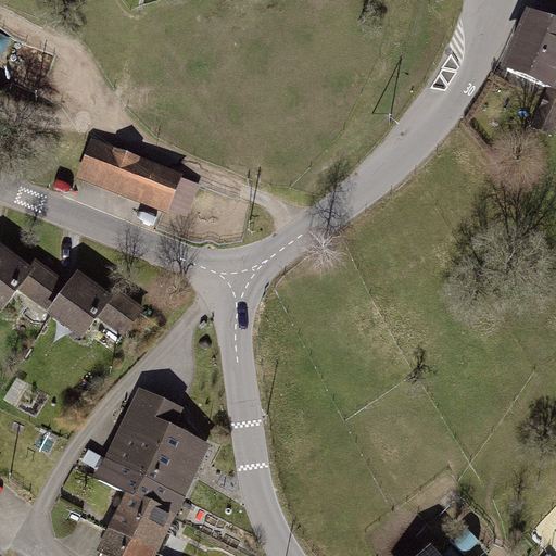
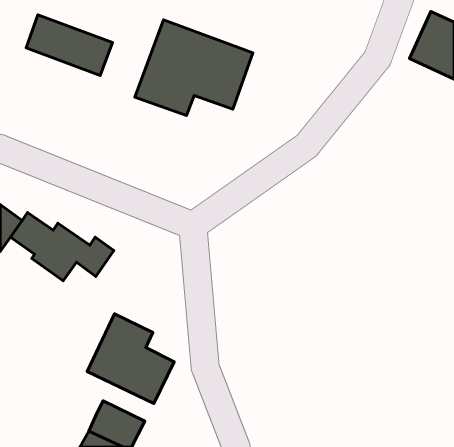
building: none -> [135,20,253,116]
building: [77,137,182,211] -> [26,15,113,75]
building: [96,454,188,515] -> none

